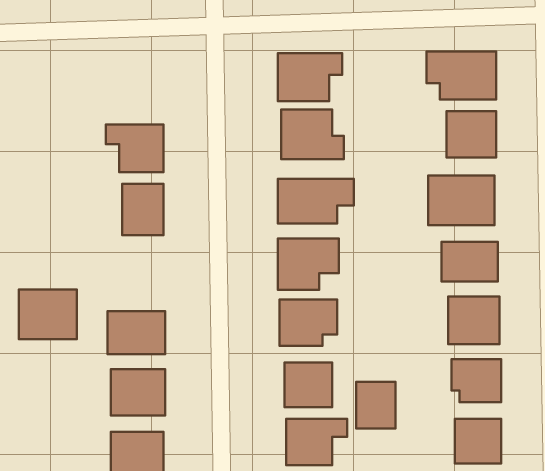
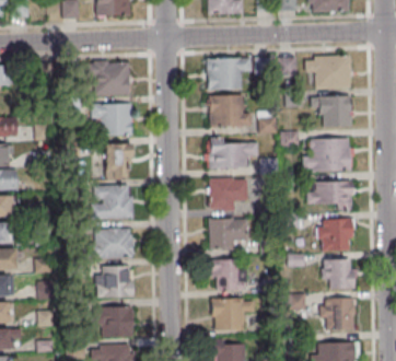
building: none -> [91,61,129,94]
building: [19,289,77,339] -> [93,185,131,218]
building: [356,382,395,429] -> none

